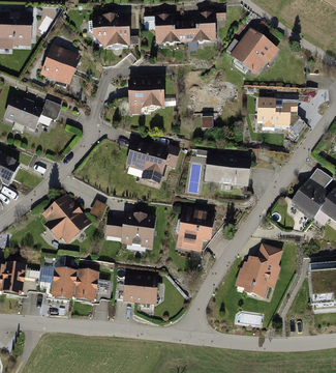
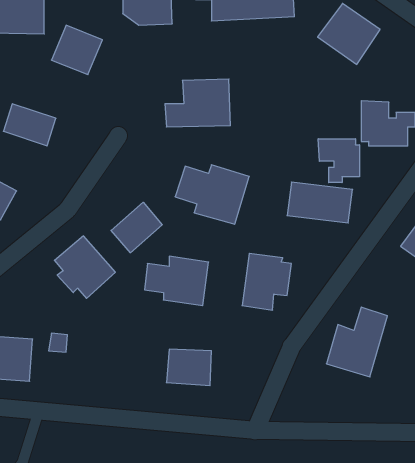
building: none -> [318,139,359,183]
building: none -> [111,202,162,253]
building: [55,270,101,305] -> none

